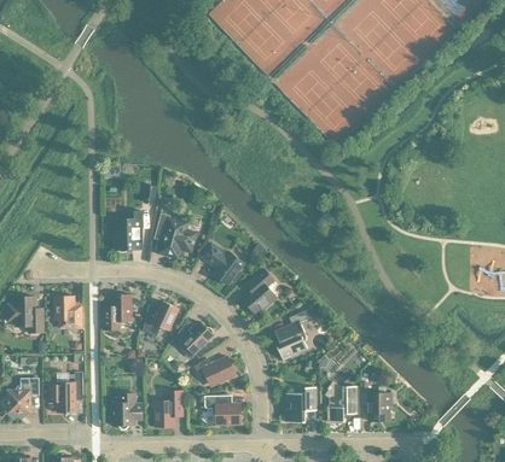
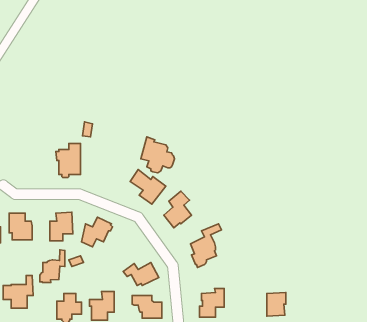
building: [153,212,195,256] -> [141,137,175,173]
building: [176,321,214,358] -> none
building: none -> [40,250,65,283]
building: [325,382,359,421] -> none

